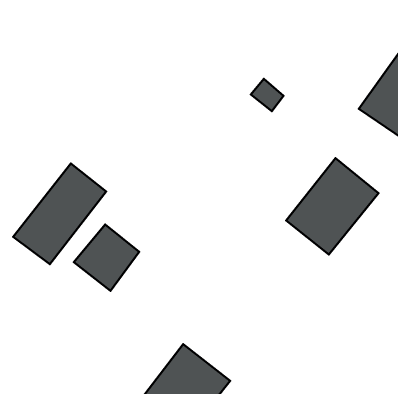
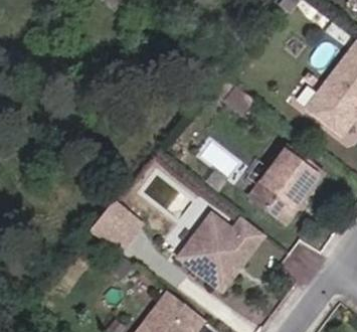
building: [13,164,106,264] -> none
building: none -> [178,214,263,290]

